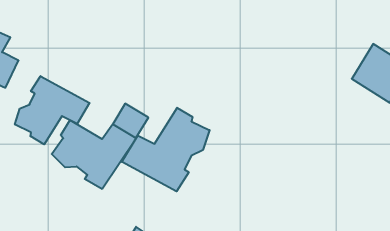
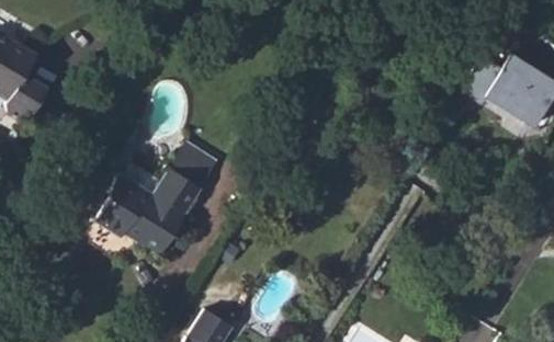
building: [15,76,90,144] -> none
building: [122,108,210,191] -> none

